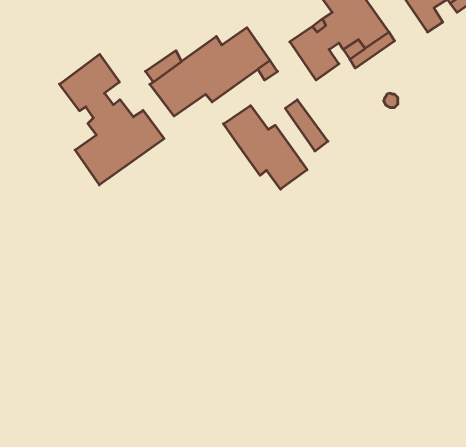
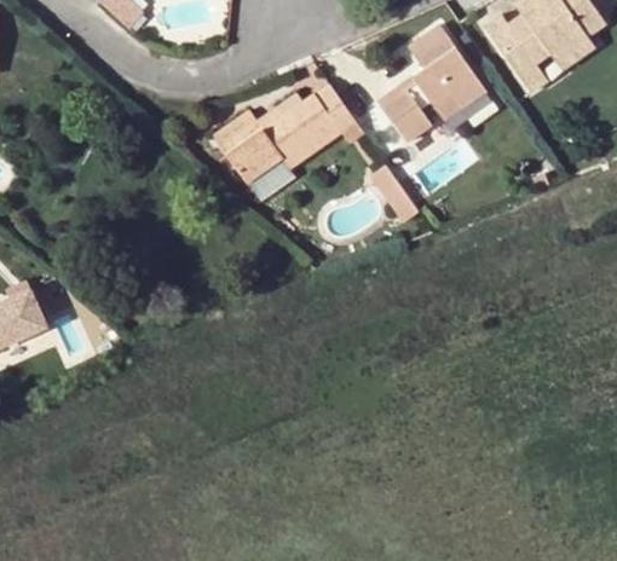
building: [59,54,164,185] -> none
building: [223,106,307,189] -> none

